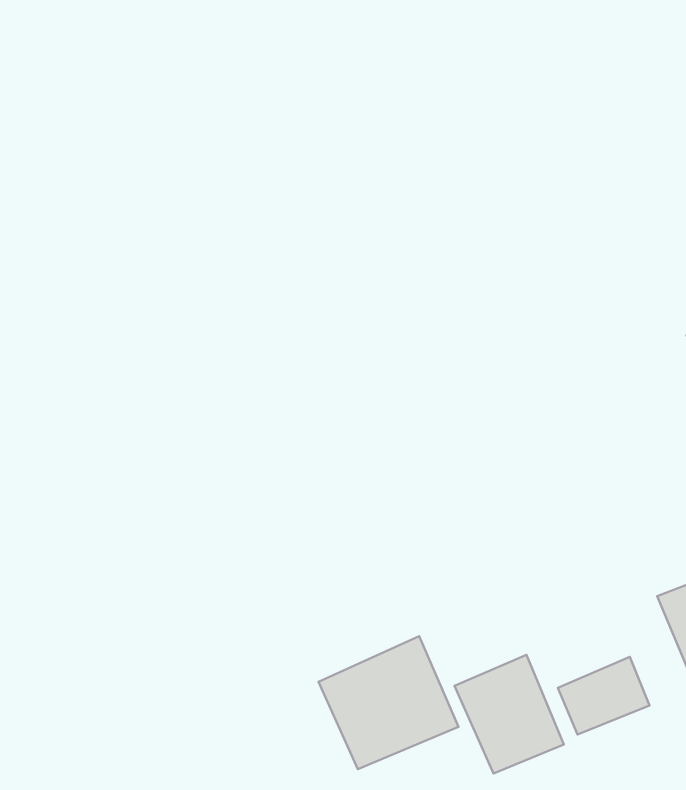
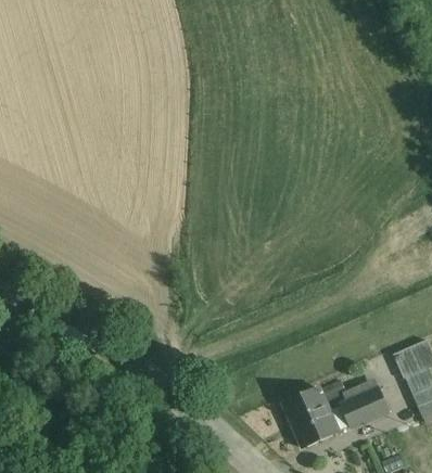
building: [319,636,459,769] -> none

